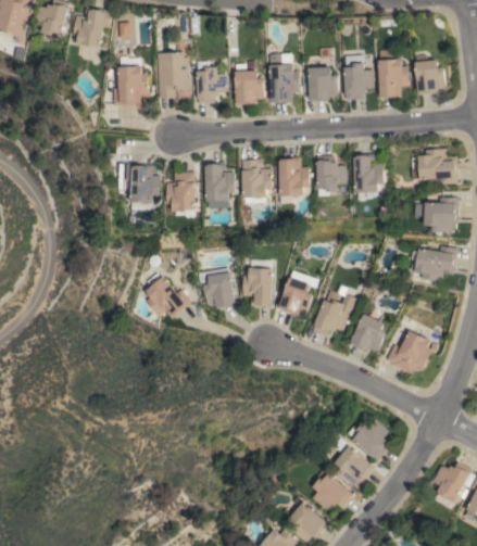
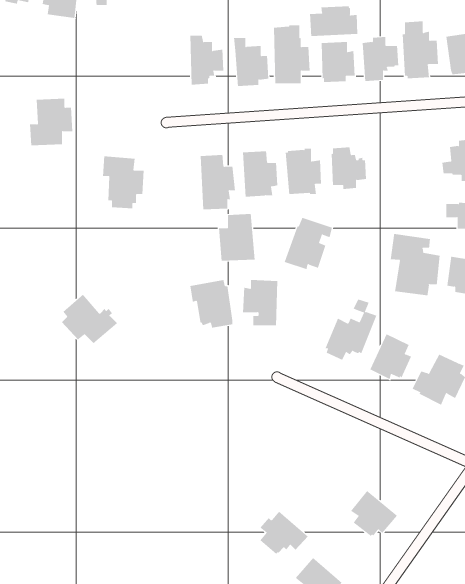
building: none -> [310,6,358,37]
building: [156,52,190,99] -> none
building: [112,66,149,106] -> [29,98,73,146]
building: [354,154,385,193] -> none
building: [166,172,198,212] -> [218,214,255,261]
building: none -> [390,233,440,296]
building: [277,271,318,316] -> [284,217,333,270]
building: [143,277,191,319] -> [61,294,118,344]
building: [347,420,388,460] -> none
building: [311,473,352,510] -> [260,511,308,554]

